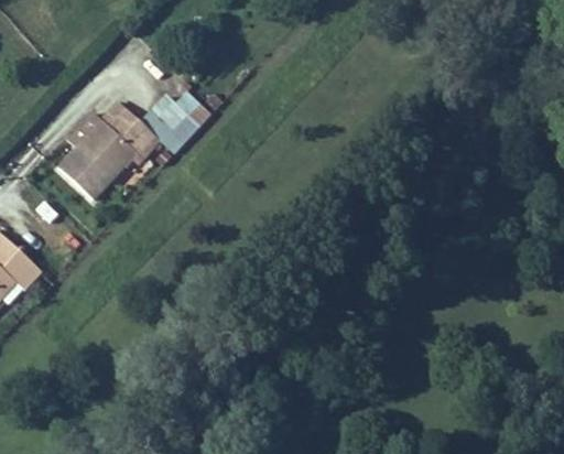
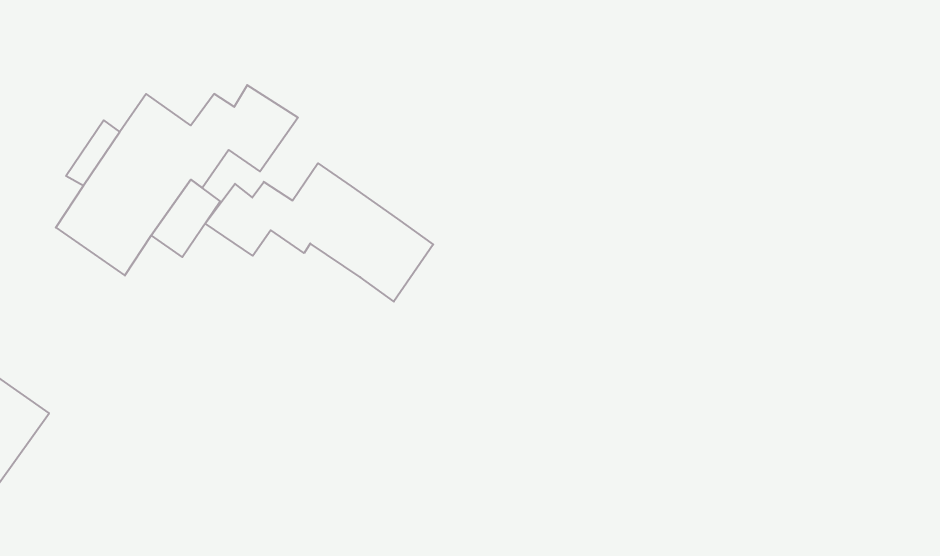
building: none -> [205,163,433,302]

